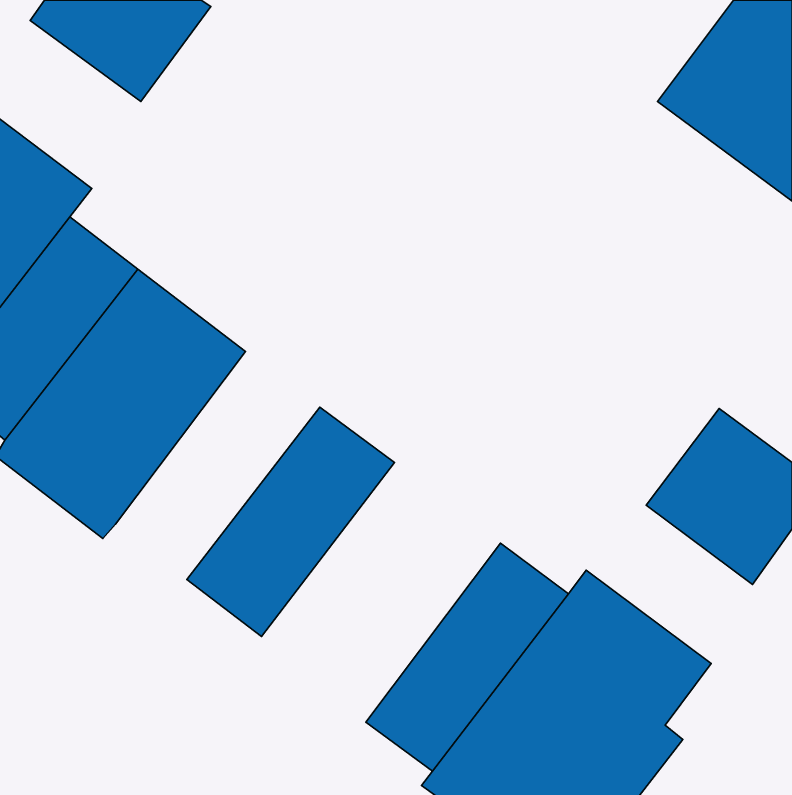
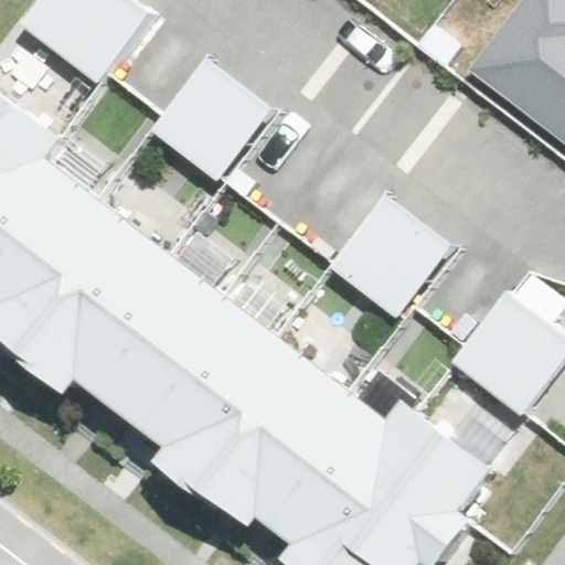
building: none -> [152,62,271,180]
building: none -> [331,199,450,317]
building: none -> [81,255,223,414]
building: none -> [171,332,349,525]

